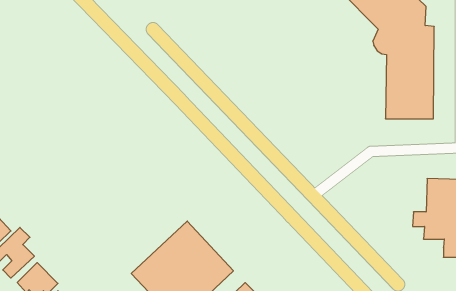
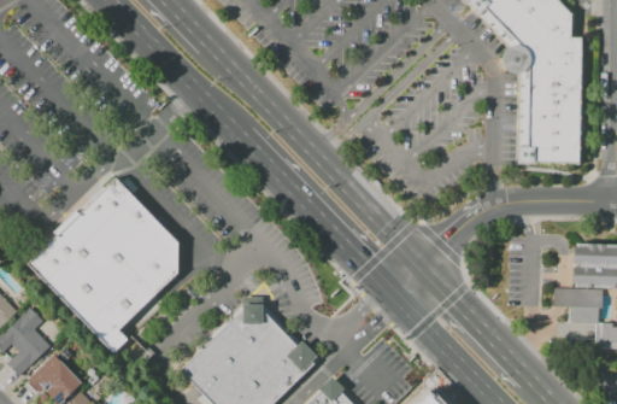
building: none -> [29,176,180,353]

